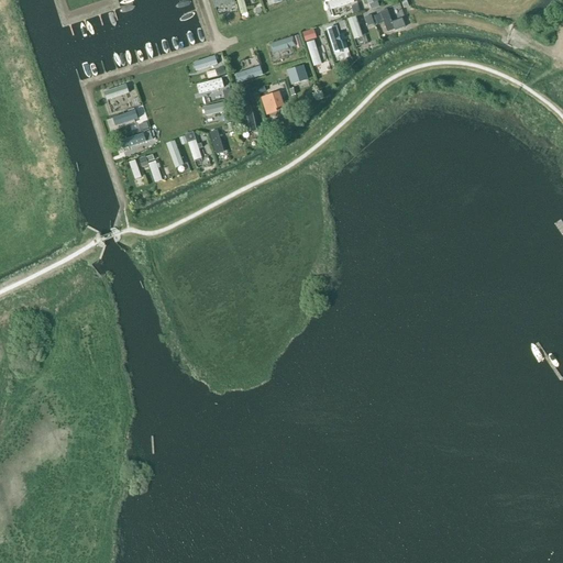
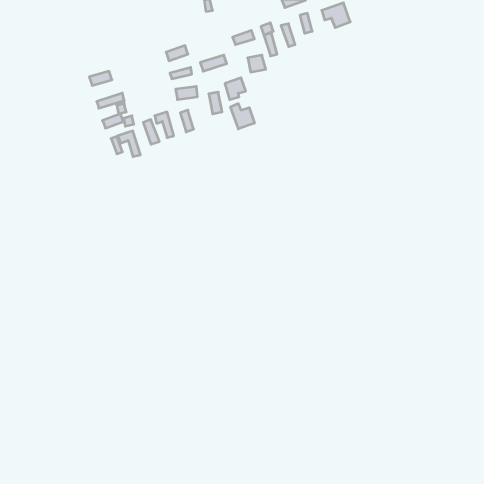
building: none -> [231,104,254,129]

